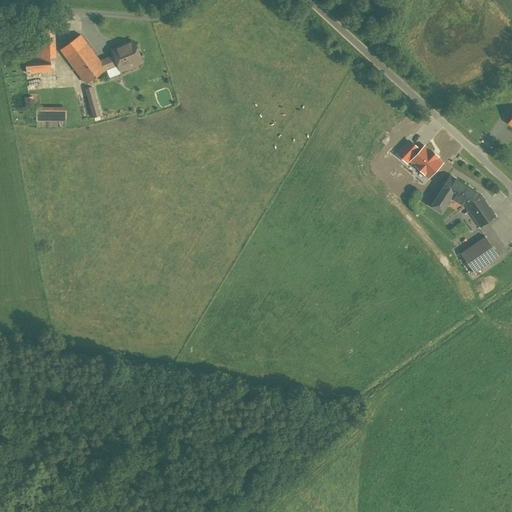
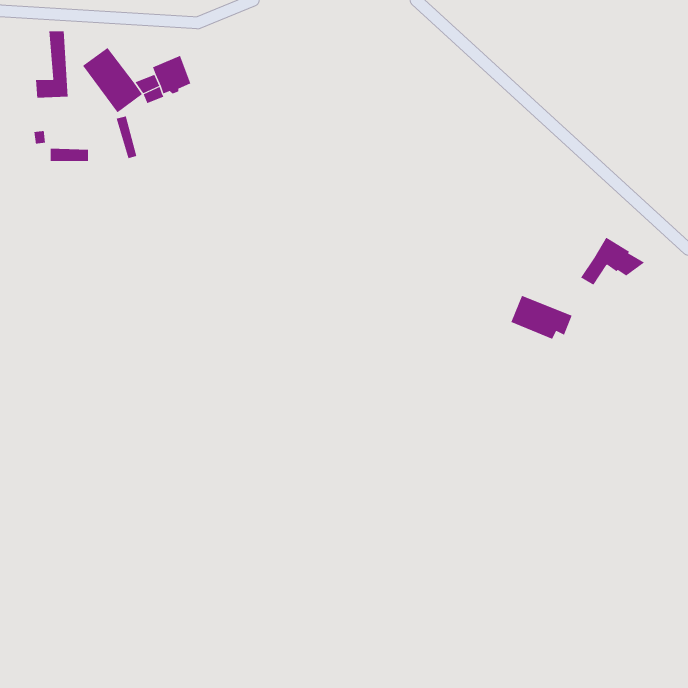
building: [393,142,439,175] -> [511,295,573,340]
building: [465,195,495,227] -> none
building: [460,236,499,273] -> none

